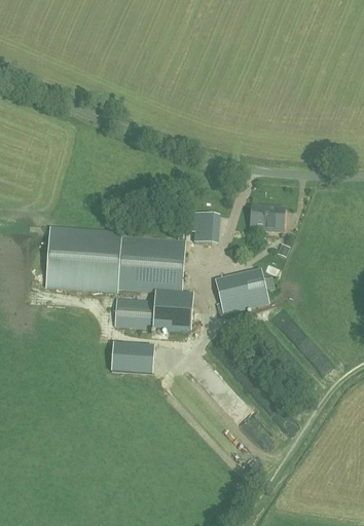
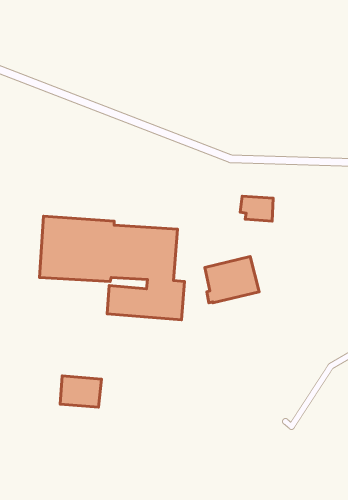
building: [193,212,220,242] -> none
building: [112,340,154,372] -> [60,376,102,407]

